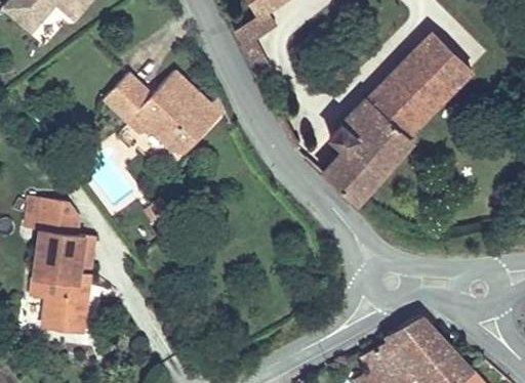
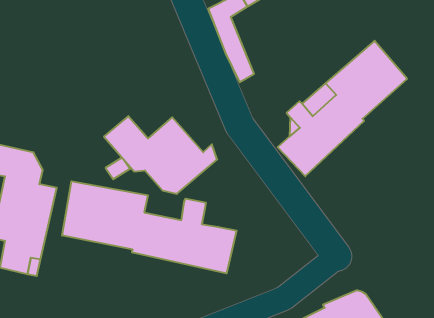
building: [413,32,471,89] -> none
building: [104,71,225,151] -> [104,116,217,194]
building: none -> [62,181,237,273]

